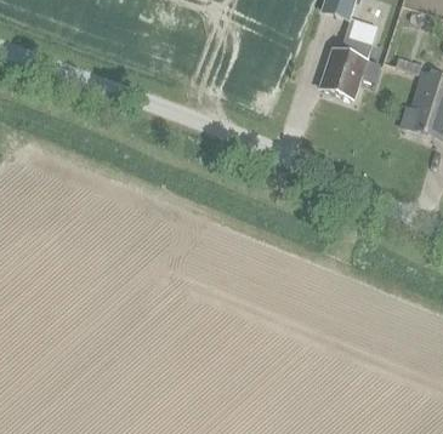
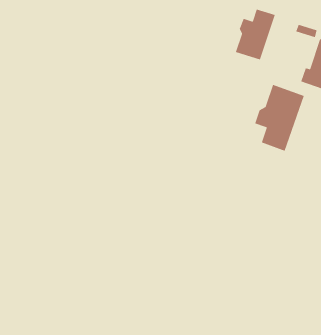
building: none -> [254,84,305,152]

